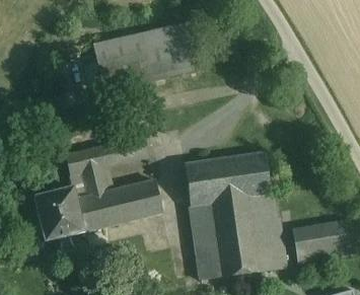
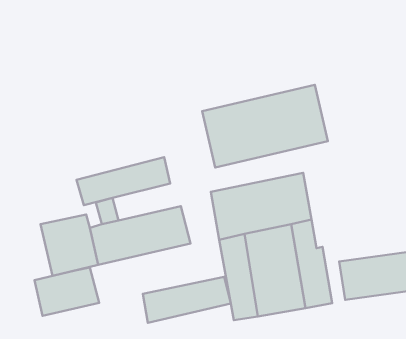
building: [93,20,200,90] -> [202,85,328,168]
building: none -> [34,267,99,316]
building: none -> [143,277,231,323]

